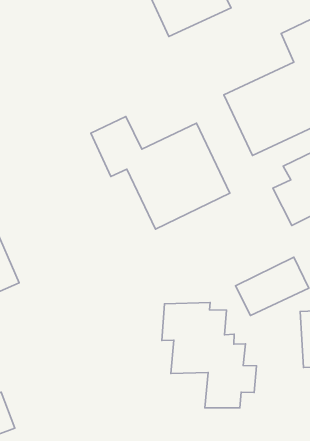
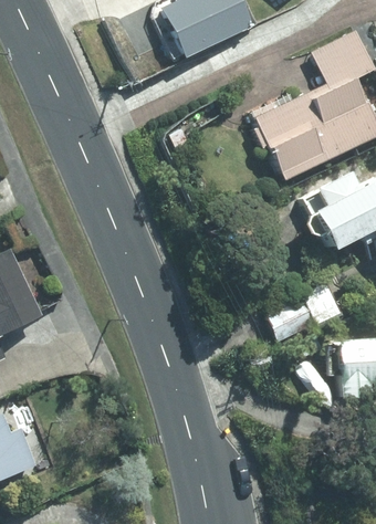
building: [91,117,230,229] -> none
building: [162,302,256,408] -> none

